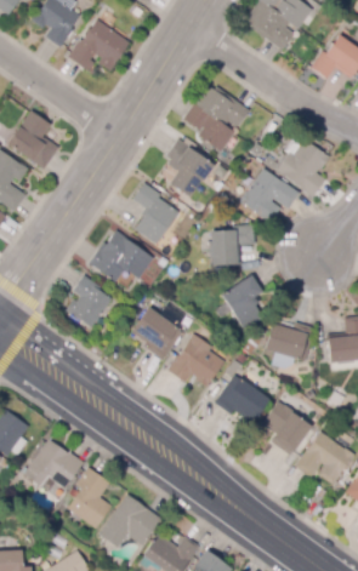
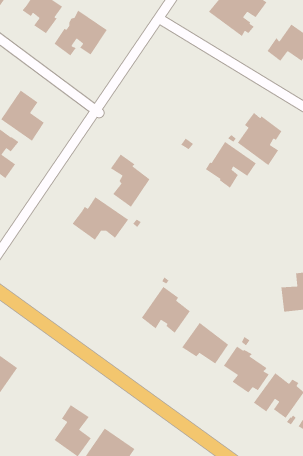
building: [183,86,250,152] -> none
building: [166,139,214,198] -> none
building: [210,224,255,267] -> none
building: [66,275,112,329] -> none
building: [221,275,262,330] -> none
building: [129,308,182,360] -> none
building: [265,322,314,361] -> none
building: [24,440,84,489] -> none

